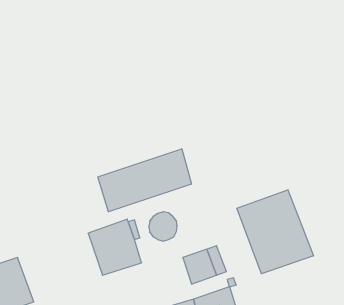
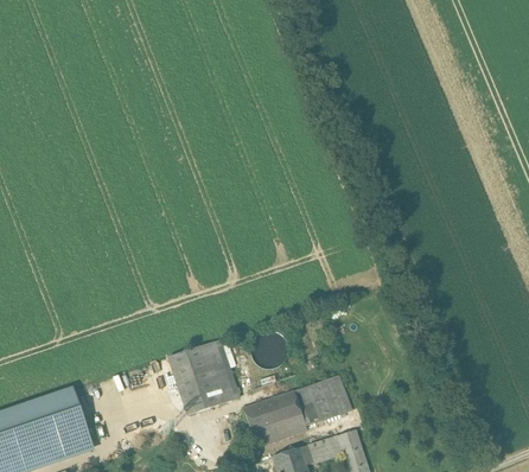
building: [98,149,191,212] -> none
building: [237,190,313,274] -> none
building: none -> [243,388,306,445]

